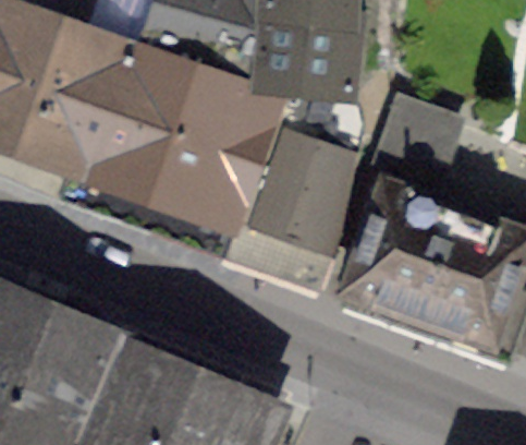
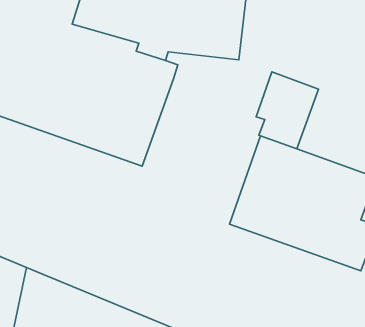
building: [229,96,354,290] -> none

